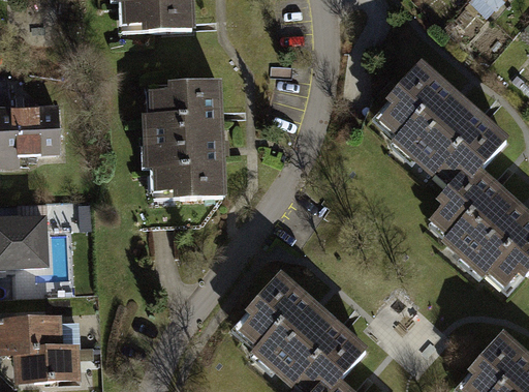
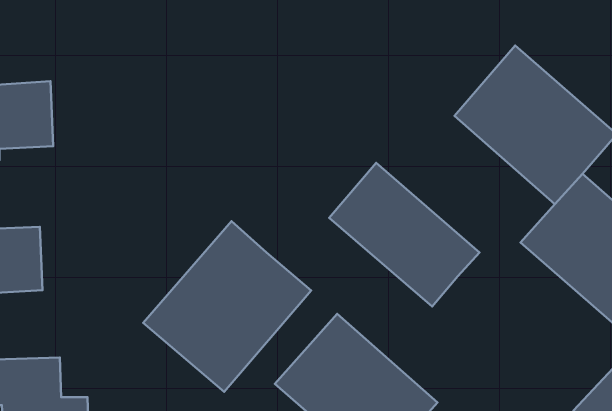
building: [148,72,223,190] -> none
building: none -> [329,163,479,307]
building: none -> [143,221,311,392]

